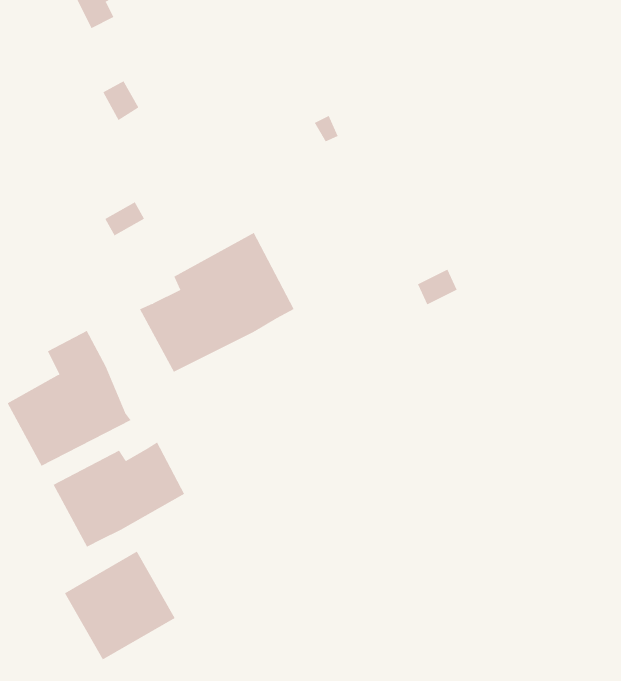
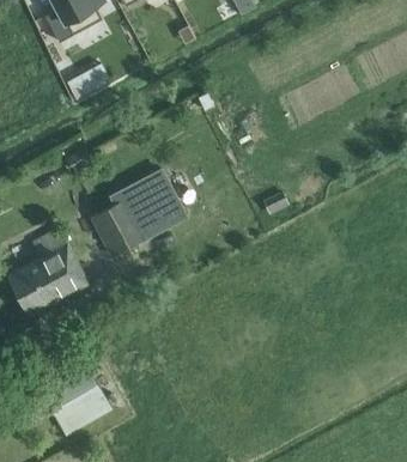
building: [53,441,185,548] -> none

